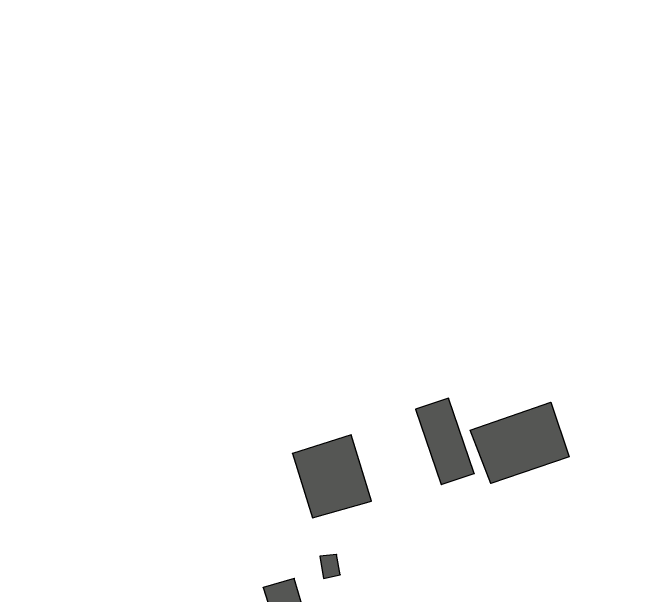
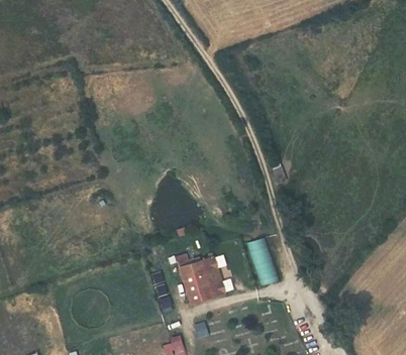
building: [470,402,569,483] -> none

